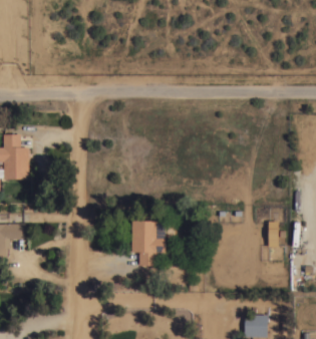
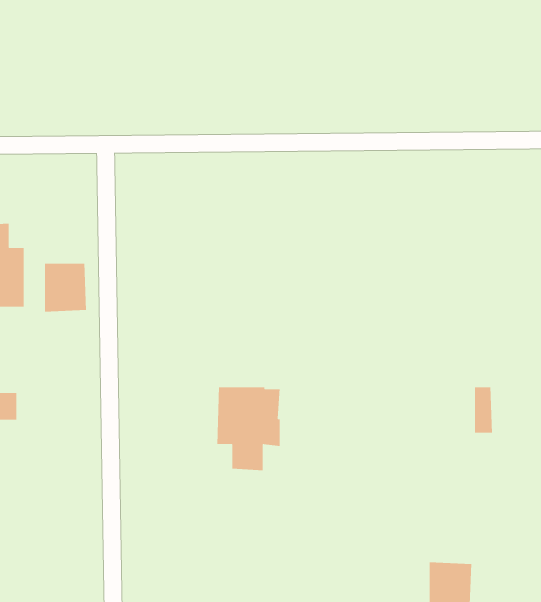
building: none -> [44,263,87,313]

